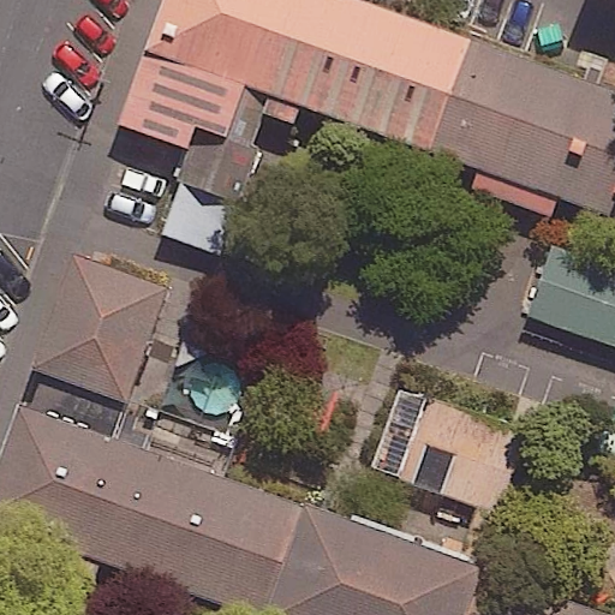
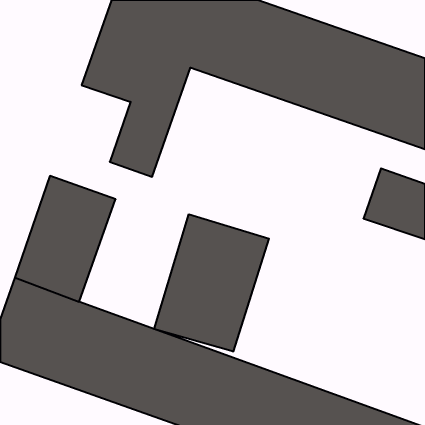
building: none -> [154,214,269,352]
building: [411,410,527,519] -> none

